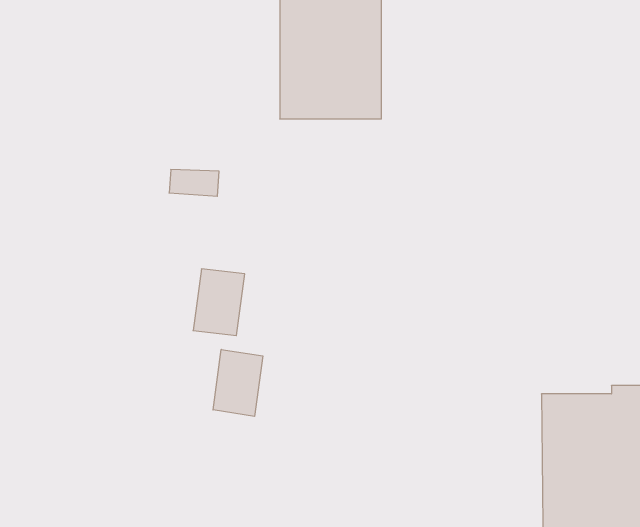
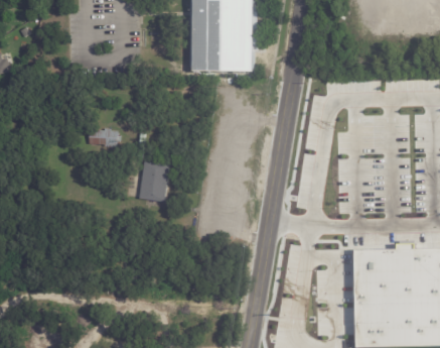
building: [169,170,219,196] -> [87,131,117,147]
building: [213,349,263,416] -> none

